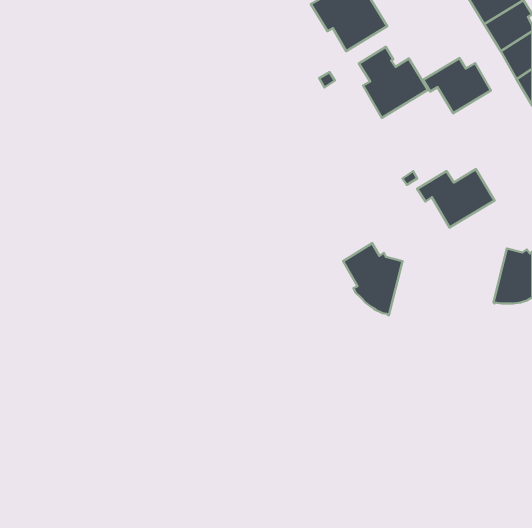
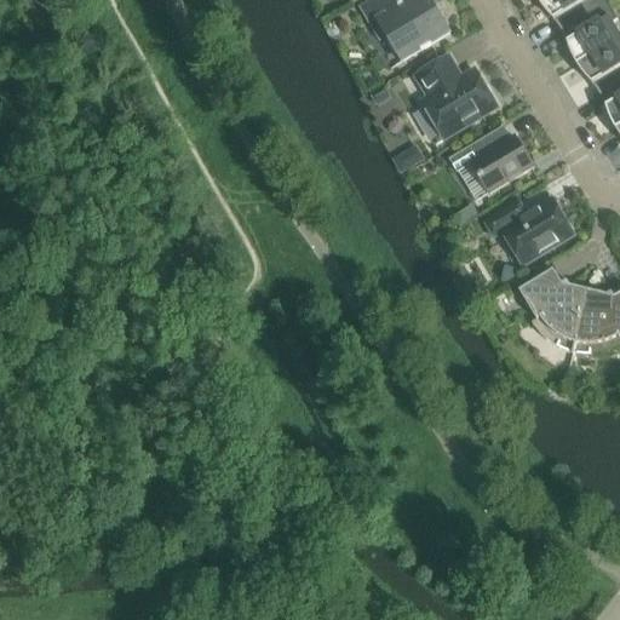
building: [423,58,491,113] -> [454,127,533,191]
building: [343,243,402,315] -> [519,268,589,351]

